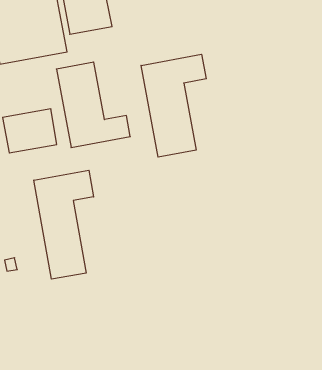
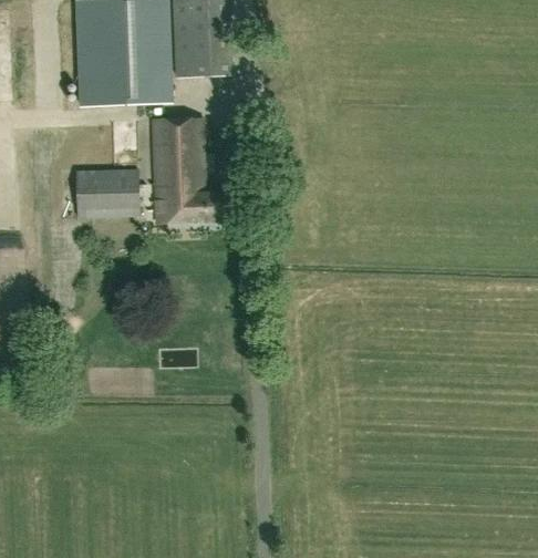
building: [141,54,206,157] -> none
building: [34,170,94,279] -> none

